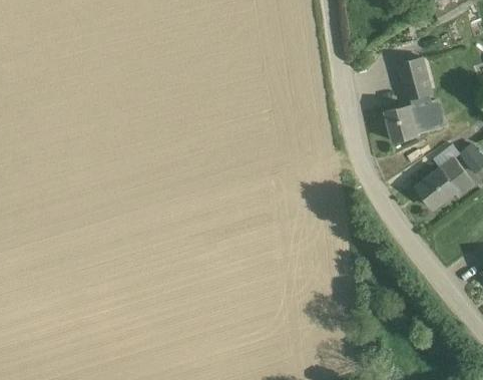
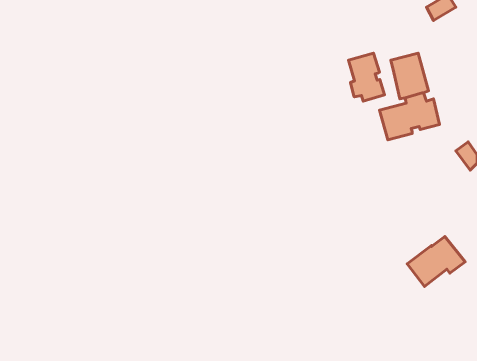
building: none -> [349,53,384,101]
building: [417,159,474,209] -> [407,236,465,286]

